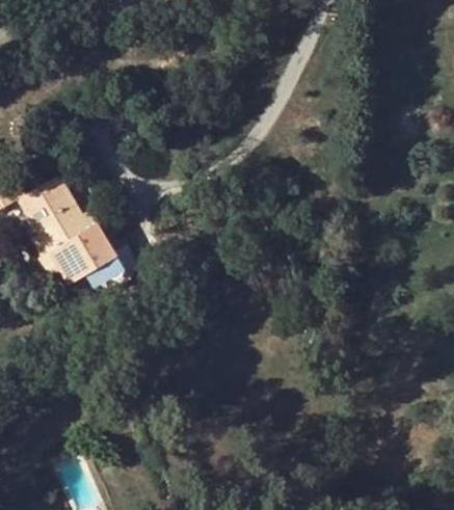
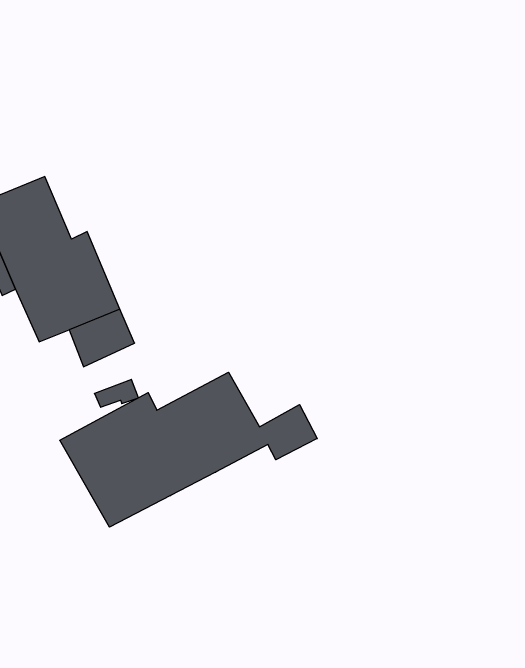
building: none -> [60,372,317,527]

